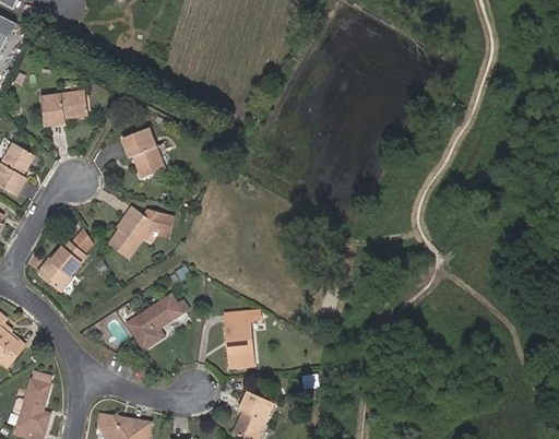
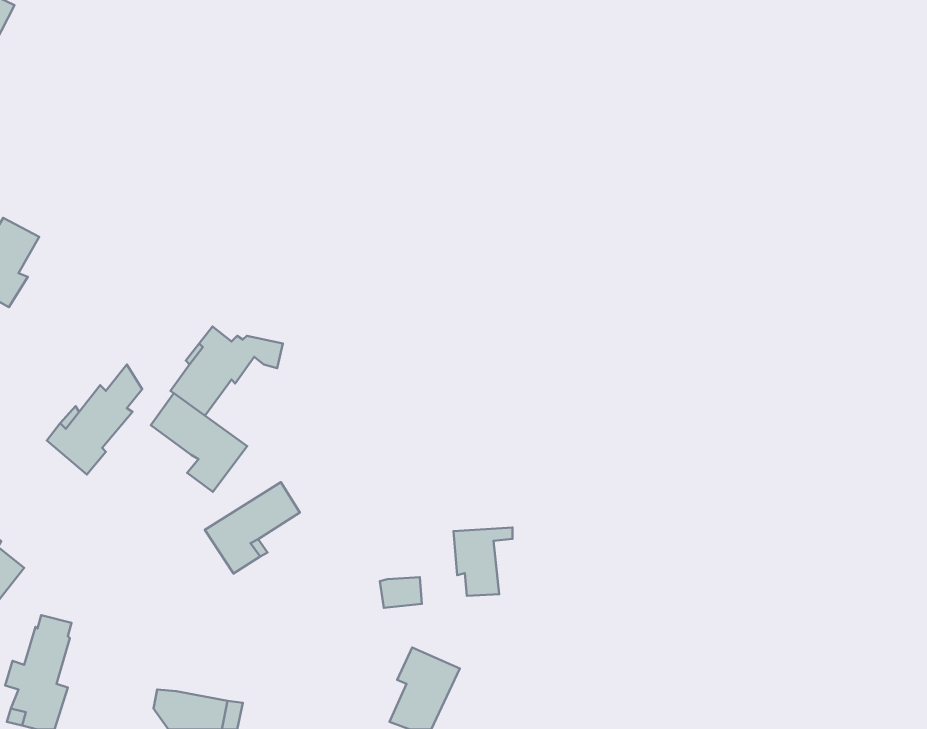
building: [40,91,87,124] -> none
building: [121,127,164,177] -> none
building: none -> [151,393,247,492]
building: [225,311,259,351] -> [453,527,512,596]

